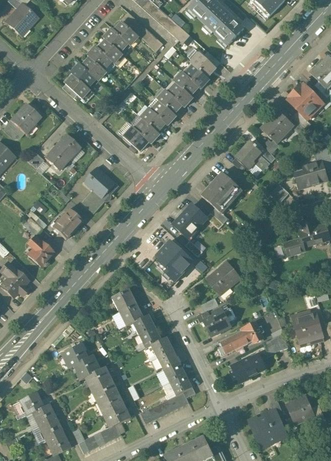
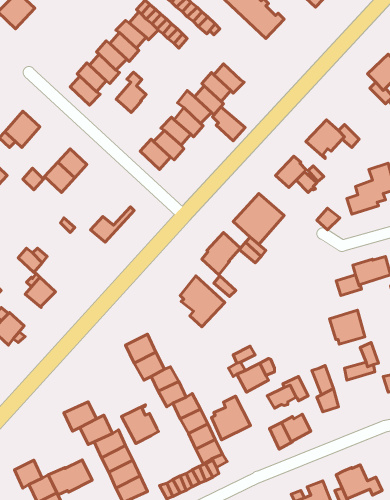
building: [190,49,217,77] -> [212,107,245,141]
building: none -> [116,72,146,112]
building: [288,83,323,118] -> none
building: [84,166,116,197] -> none
building: [53,208,82,238] -> none
building: [207,261,241,294] -> none
building: [295,318,324,346] -> [330,310,365,344]
building: none -> [212,396,251,440]
building: none -> [121,405,159,443]
building: none -> [48,460,92,495]

